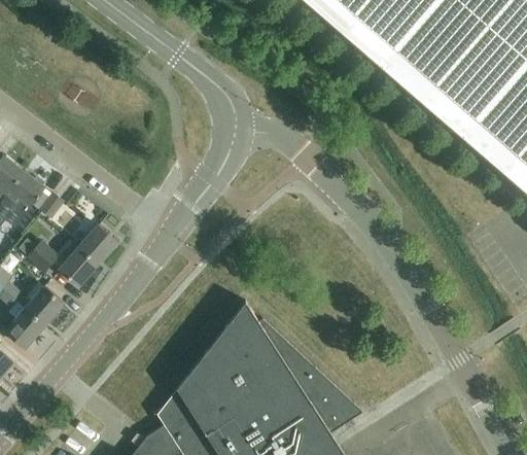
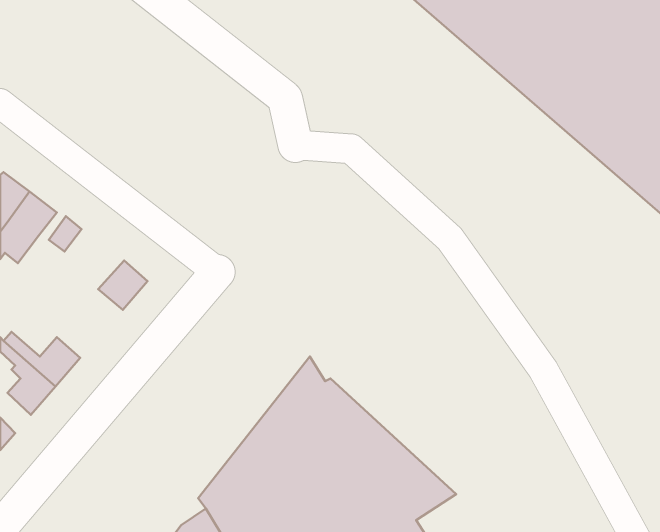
building: [29,241,98,286] -> none

